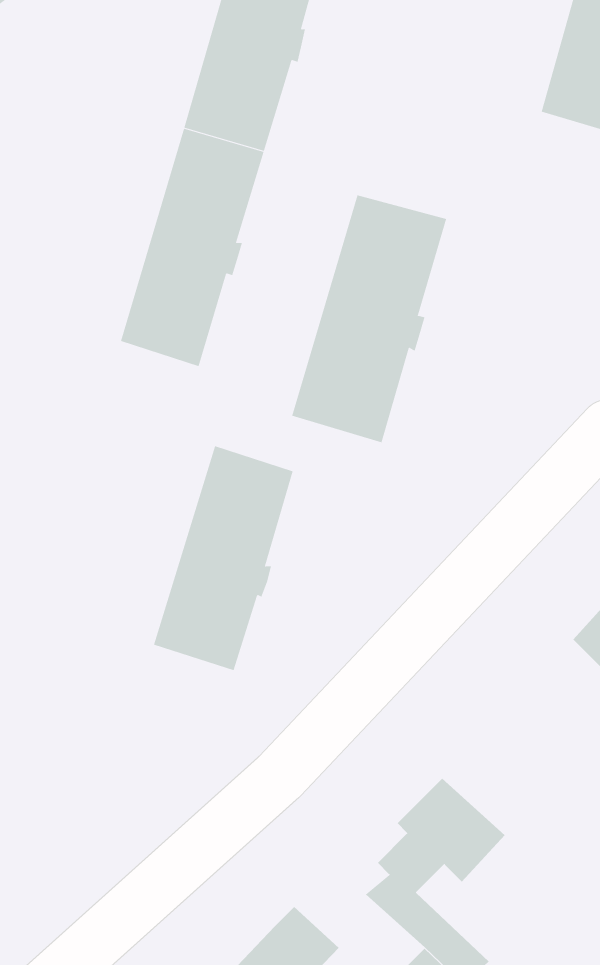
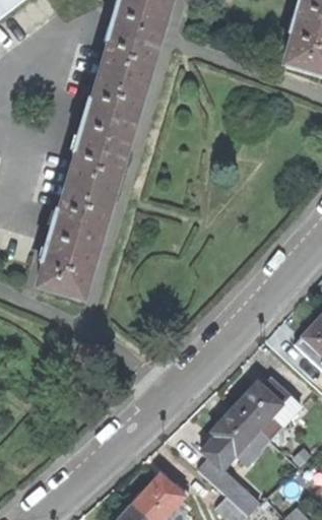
building: [291,194,447,443] -> none
building: [153,445,293,671] -> [39,184,111,300]
building: none -> [236,380,300,438]

